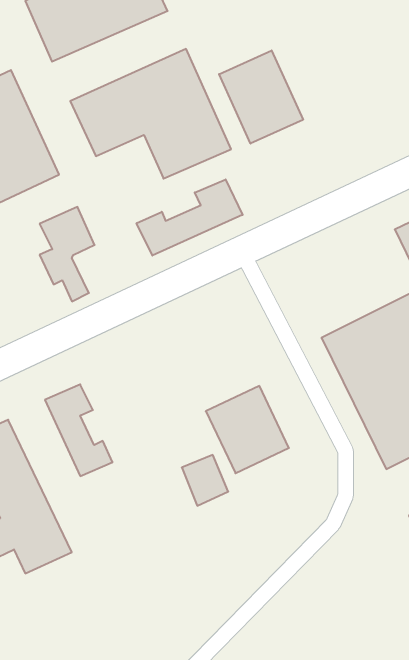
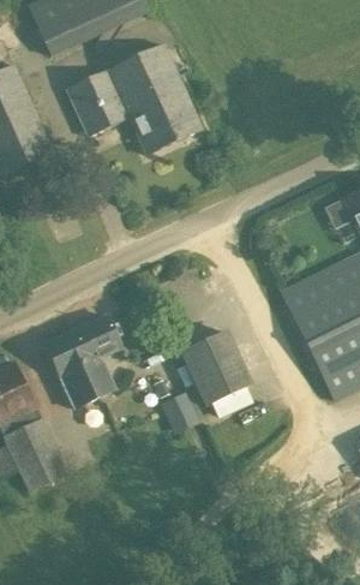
building: [219,50,303,144] -> none
building: [137,179,243,256] -> none
building: [40,207,95,301] -> [74,316,121,396]

